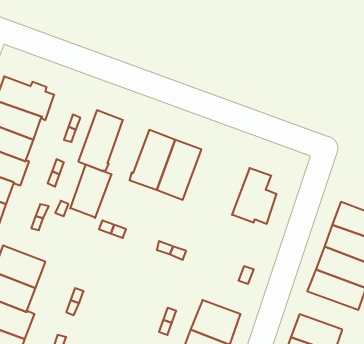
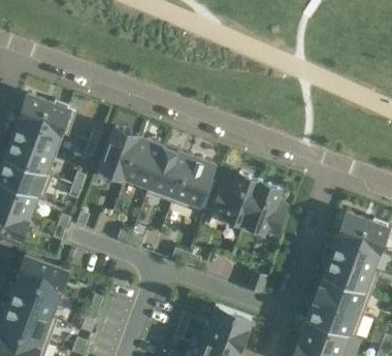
building: none -> [211,173,259,230]
building: [70,165,112,218] -> [125,136,164,187]
building: none -> [306,298,362,337]

